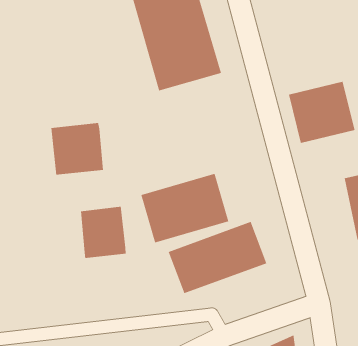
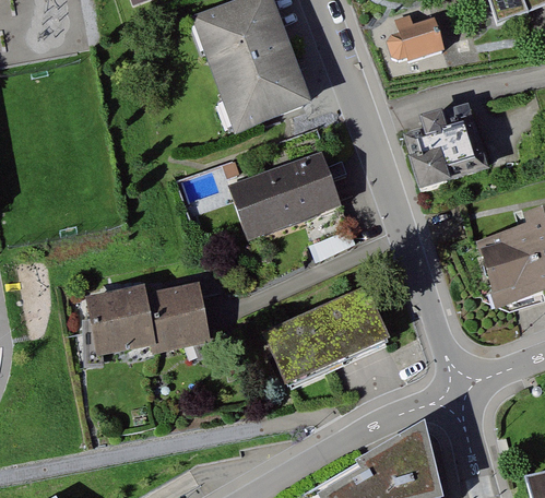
building: none -> [388,13,445,58]
building: [50,123,104,175] -> [86,285,157,355]
building: [140,173,229,243] -> [228,147,342,240]

